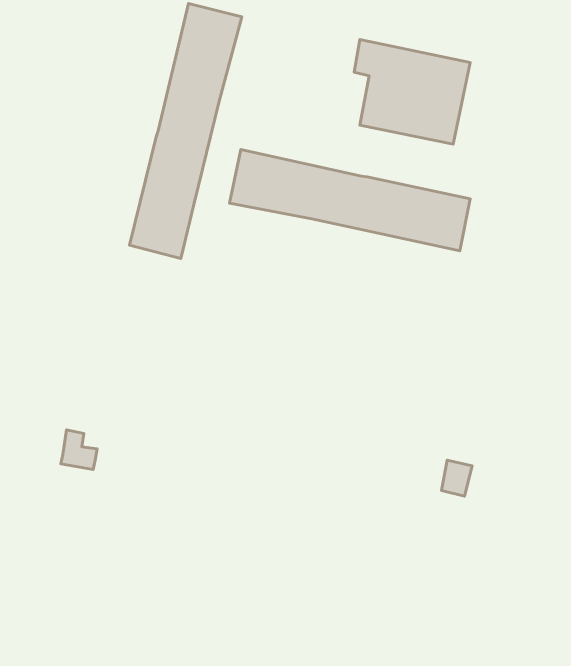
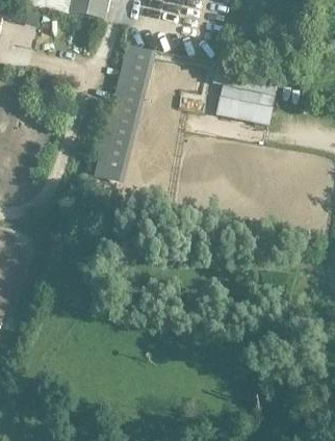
building: [230,150,470,251] -> none

